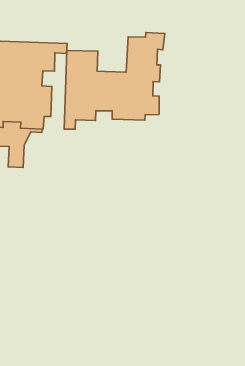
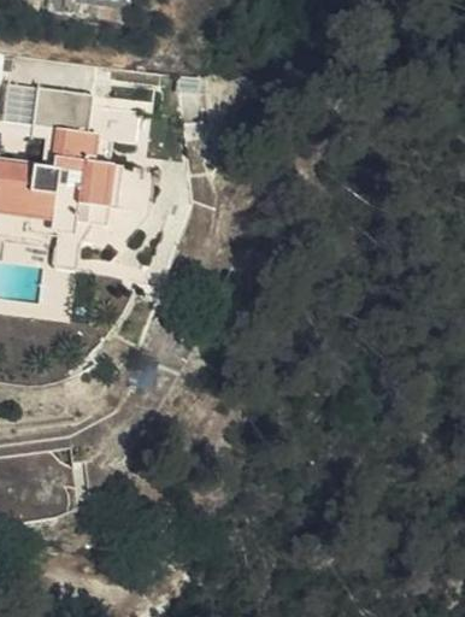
building: [64,32,165,129] -> none

